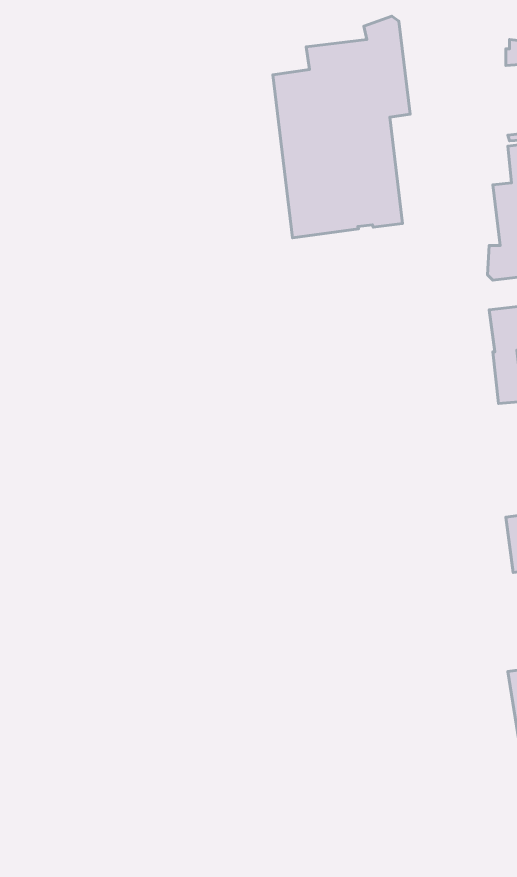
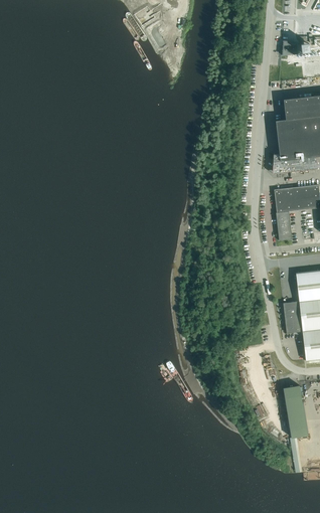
building: [273,16,410,238] -> none

